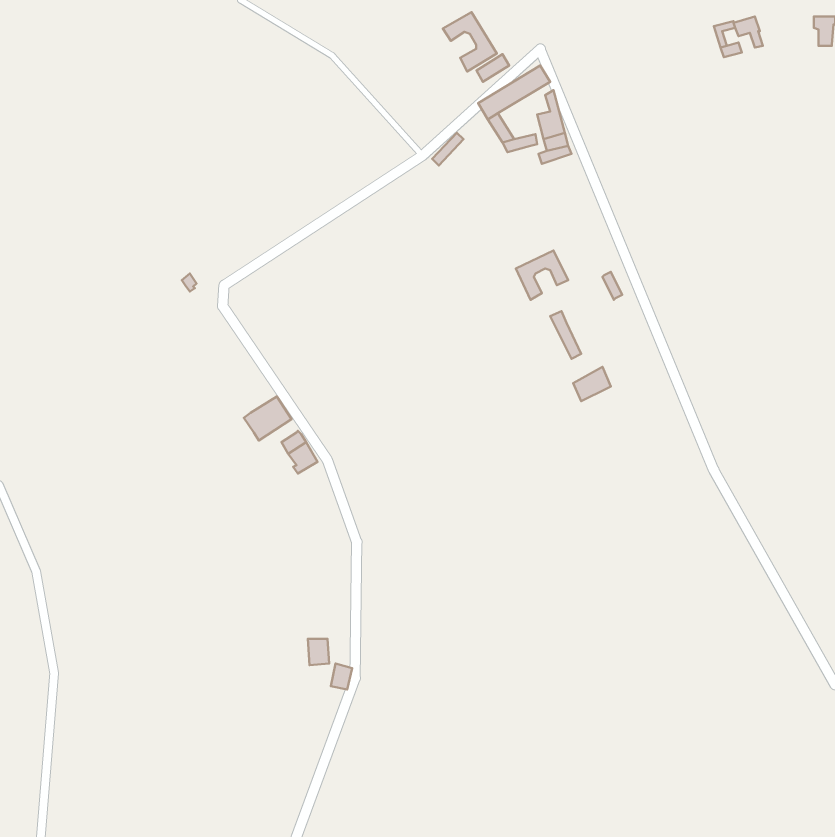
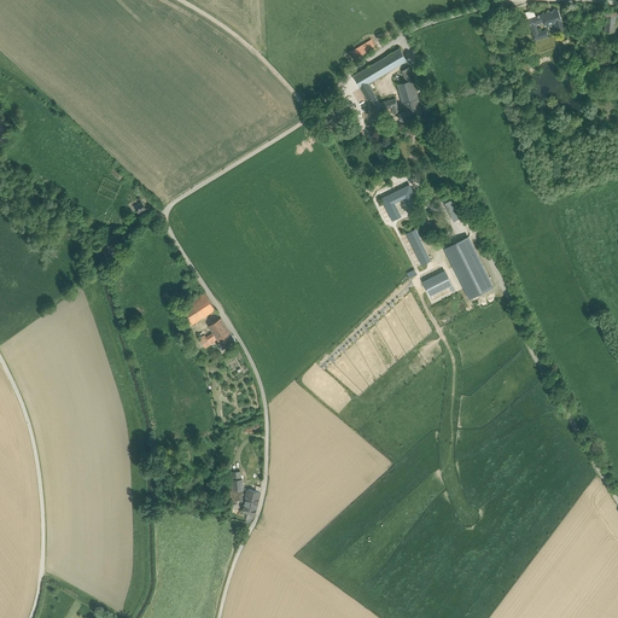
building: [443,12,497,72] -> none
building: none -> [444,237,491,298]

